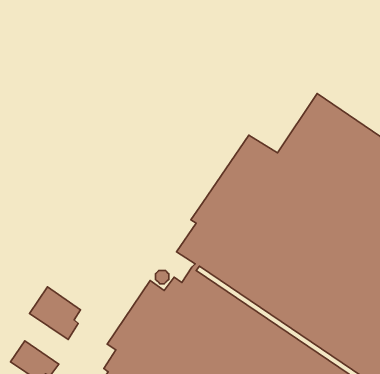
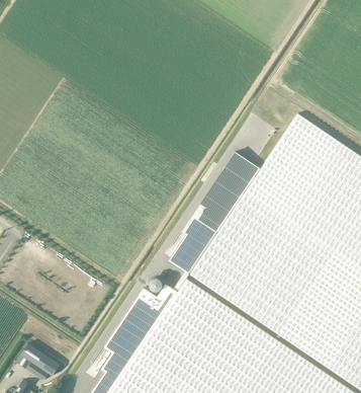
building: [30,287,81,339] -> none

